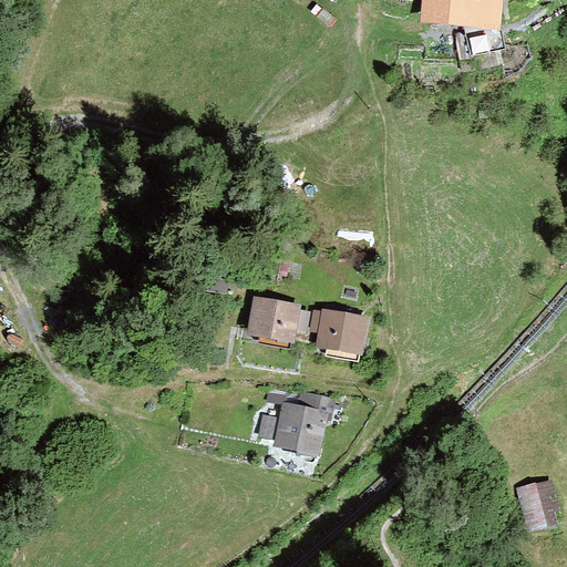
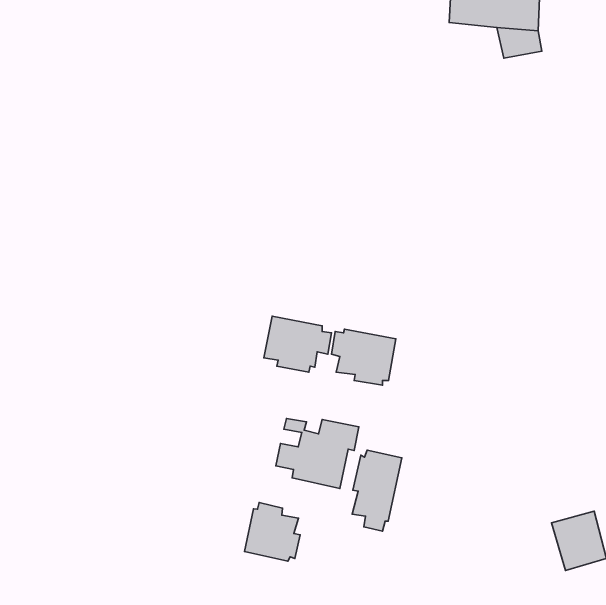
building: none -> [352,450,402,531]
building: none -> [245,502,300,561]

